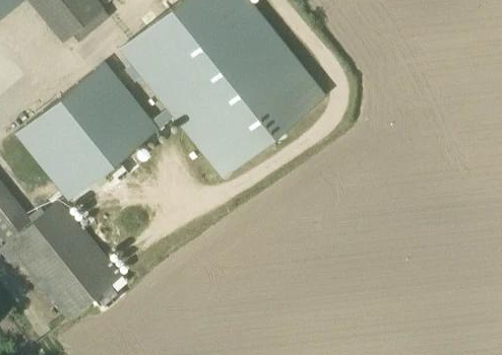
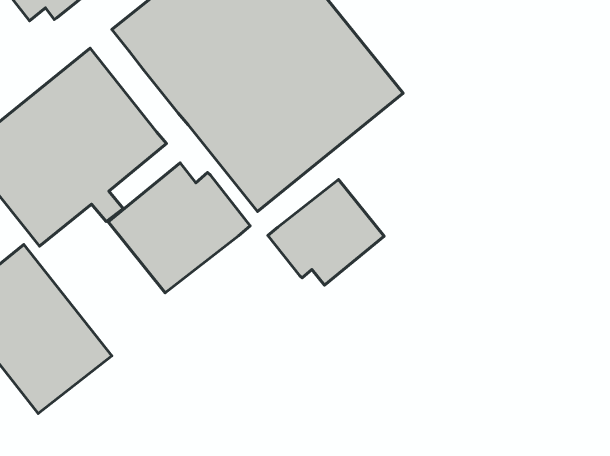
building: none -> [108,163,250,293]
building: none -> [268,180,384,285]

